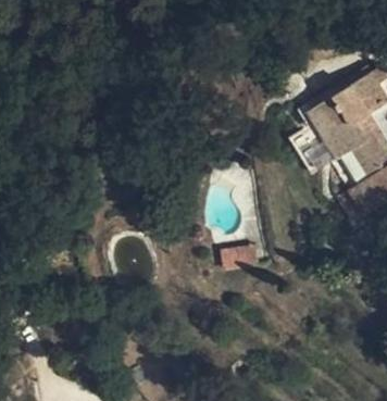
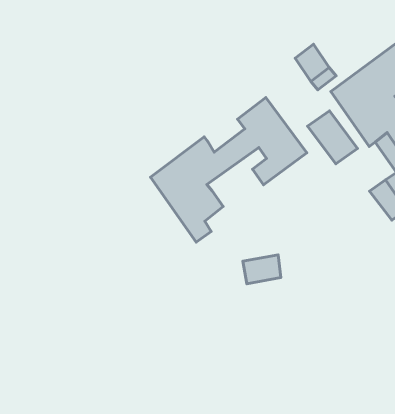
building: none -> [151,98,307,242]

